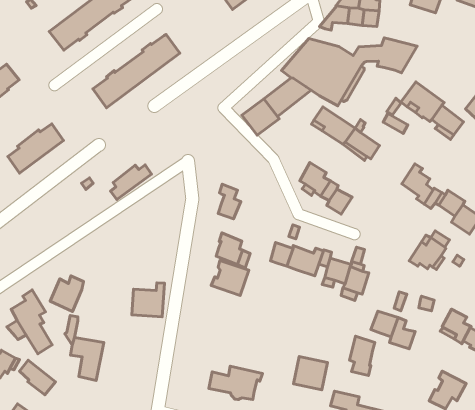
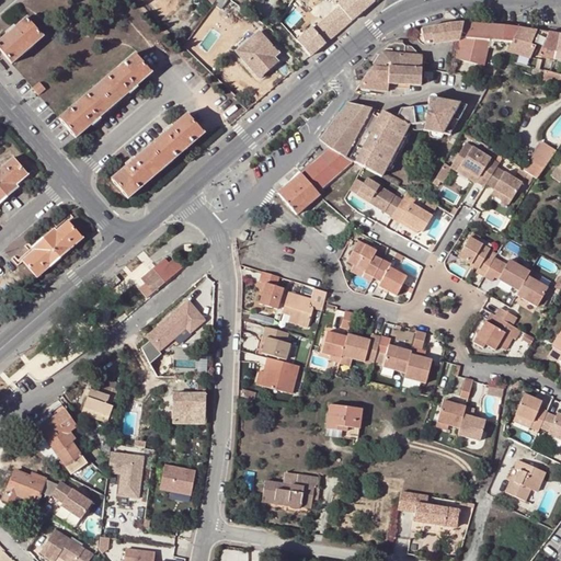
building: none -> [282,289,327,327]
building: none -> [140,301,205,363]
building: [350,336,375,375] -> none
building: none -> [159,465,195,495]
building: [293,356,328,390] -> [327,404,363,439]

